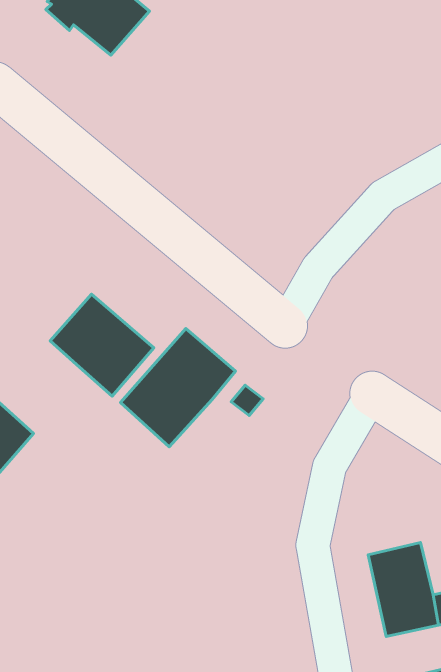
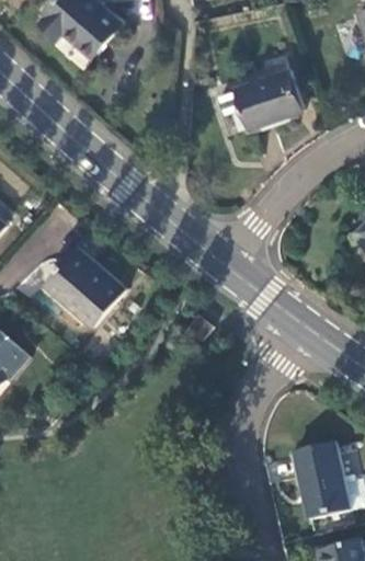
building: none -> [231,56,301,130]
building: [121,329,235,447] -> none

